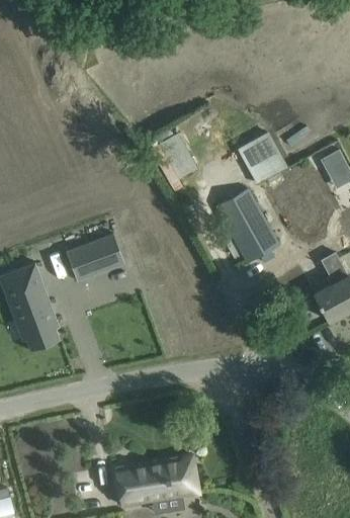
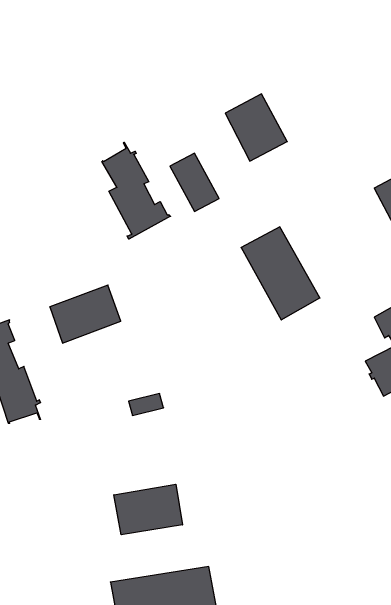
building: none -> [102,142,171,239]
building: [237,132,285,184] -> [225,94,287,161]
building: none -> [114,484,182,535]

